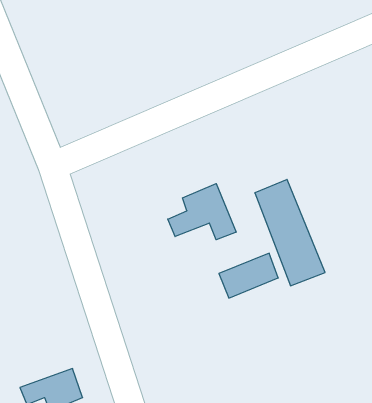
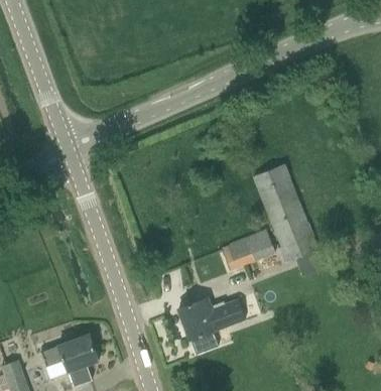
building: [168,184,236,240] -> none
building: none -> [178,296,247,354]

